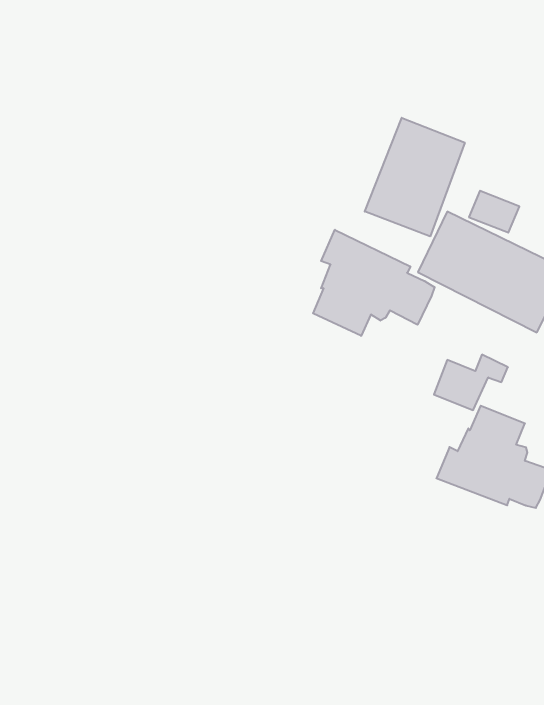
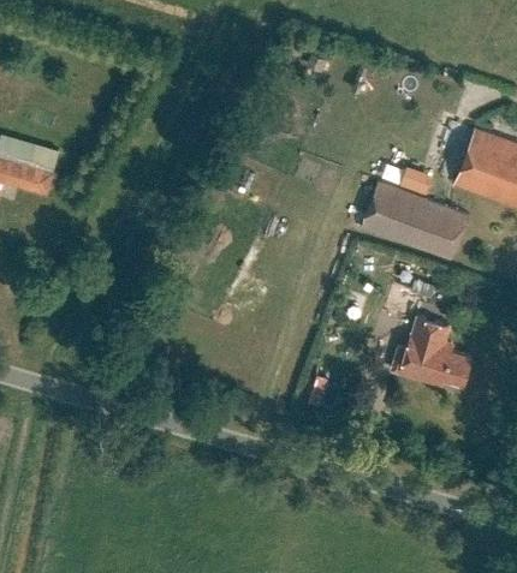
building: [365,118,465,236] -> none
building: [313,230,435,336] -> none

